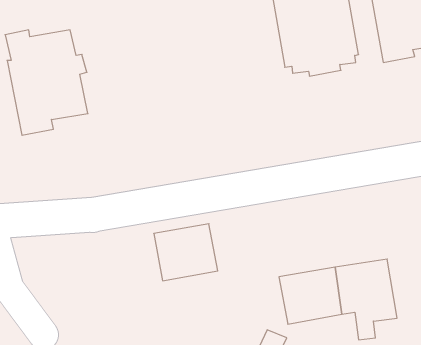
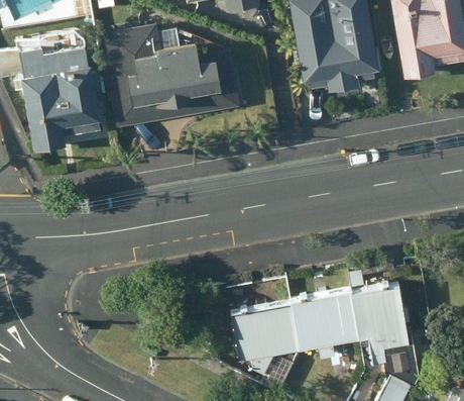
building: none -> [102,24,242,129]
building: [154,224,218,281] -> [240,300,306,359]

